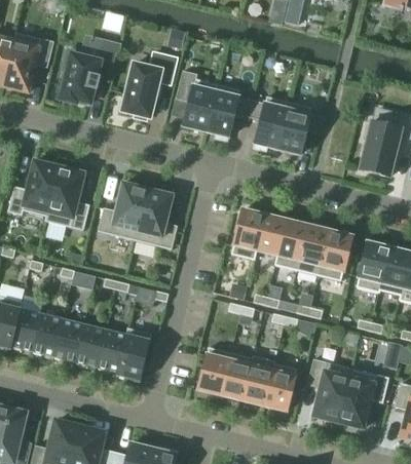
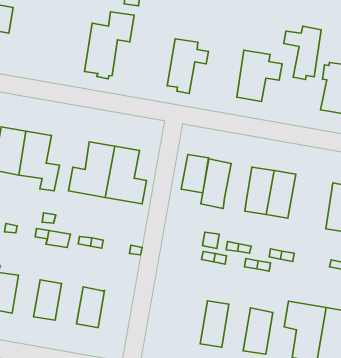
building: [61,48,115,103] -> none
building: [176,70,217,131] -> none
building: [247,95,286,150] -> [284,26,321,79]
building: [256,215,286,255] -> [181,154,208,193]
building: [319,230,352,280] -> none
building: [32,313,63,356] -> none
building: [75,324,106,366] -> none
building: [116,327,152,381] -> none
building: [198,347,231,395] -> none
building: [242,355,275,405] -> none

